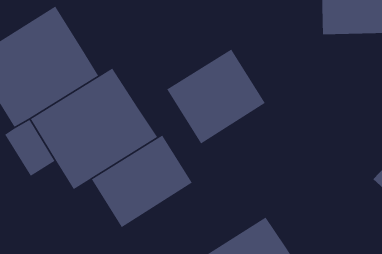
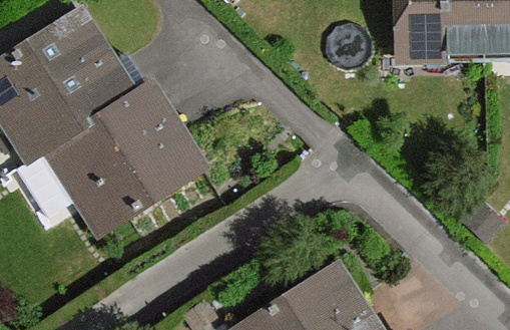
building: [166,48,266,144] -> none
building: [91,134,193,228] -> none

